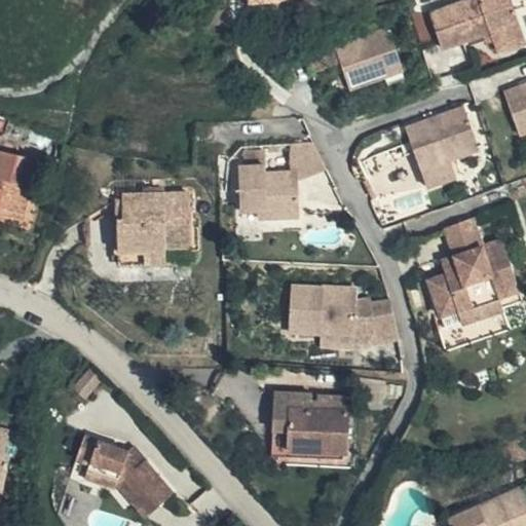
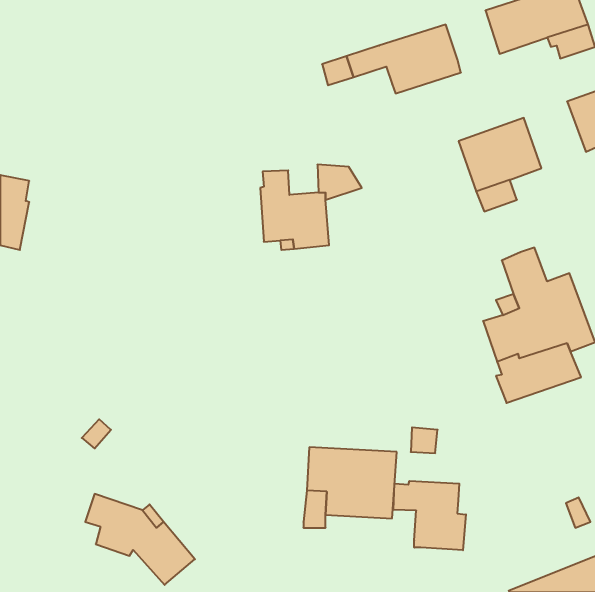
building: [112,192,187,264] -> none
building: [289,289,401,343] -> none
building: none -> [394,481,466,550]

